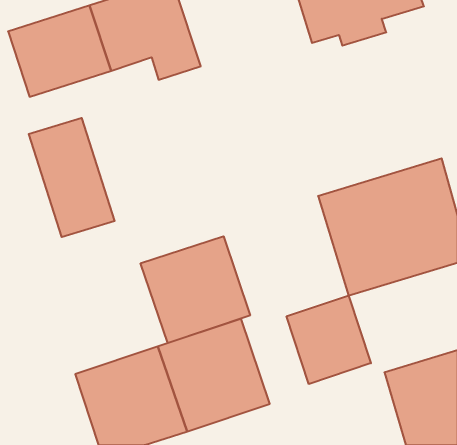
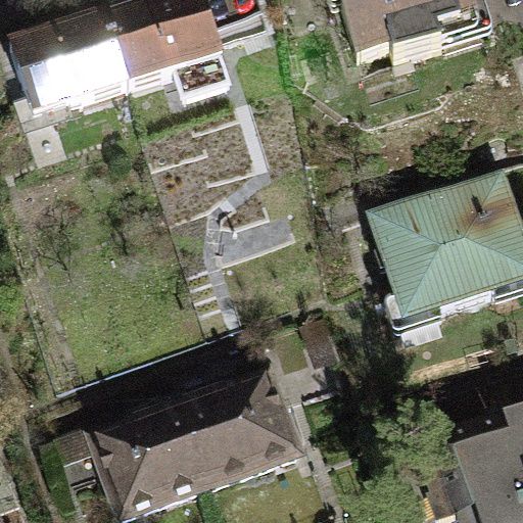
building: [29,118,115,237] -> none
building: [141,236,250,343] -> none
building: [287,295,371,384] -> none

